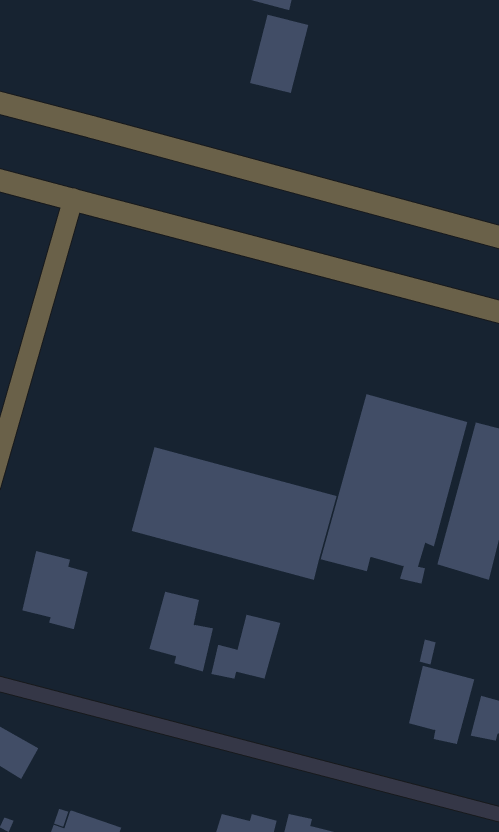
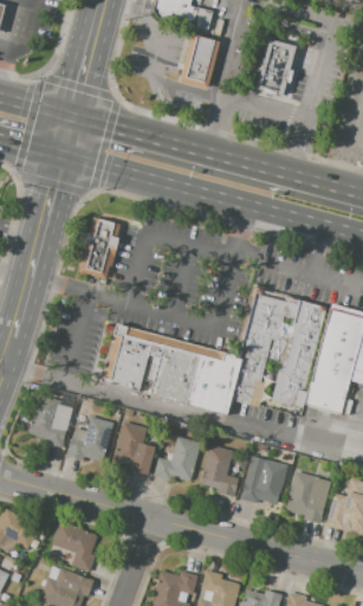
building: none -> [255,40,303,104]
building: none -> [78,219,122,281]
building: none -> [67,417,114,462]
building: none -> [200,444,238,496]
building: none -> [240,456,287,504]
building: none -> [52,521,98,573]

